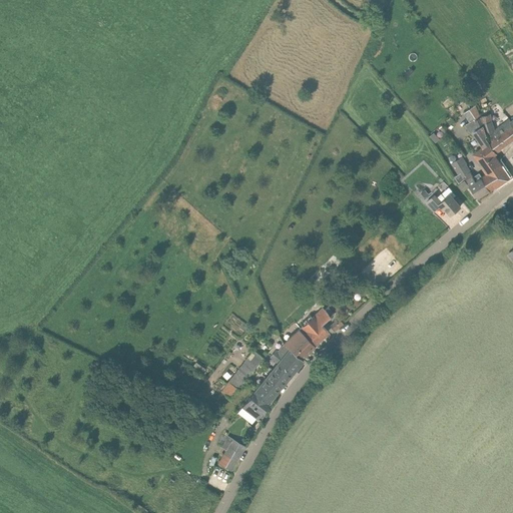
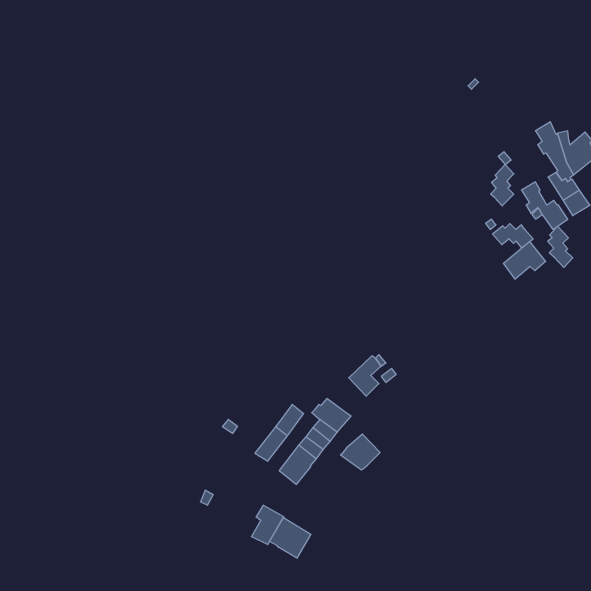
building: none -> [491,165,514,206]
building: none -> [548,226,573,267]
building: none -> [503,242,546,279]
building: [284,328,318,359] -> [341,434,380,470]
building: none -> [270,518,311,558]

